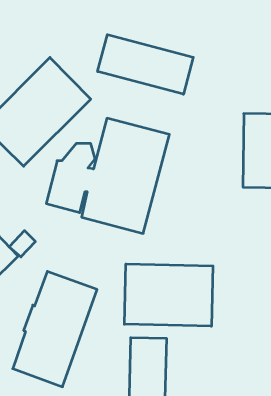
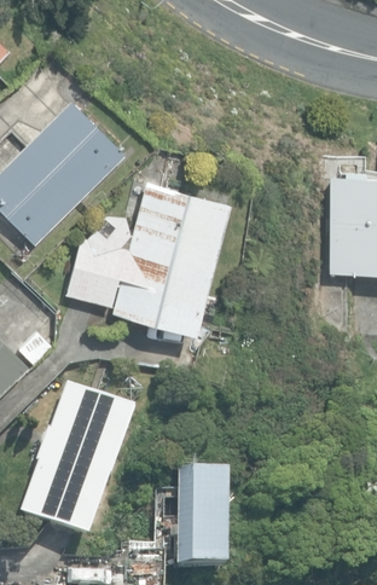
building: [98,35,193,94] -> none
building: [124,264,213,326] -> none

